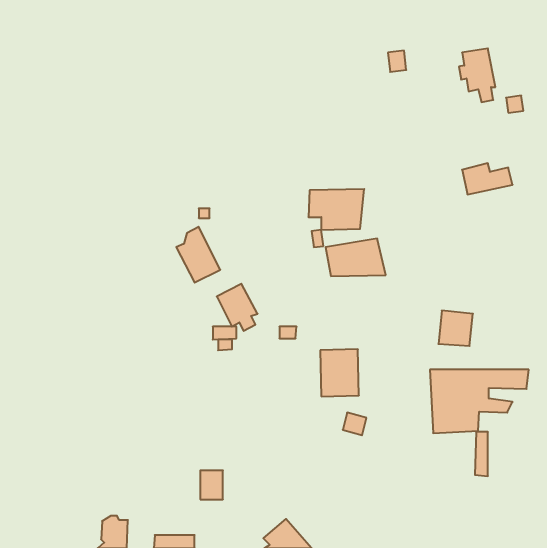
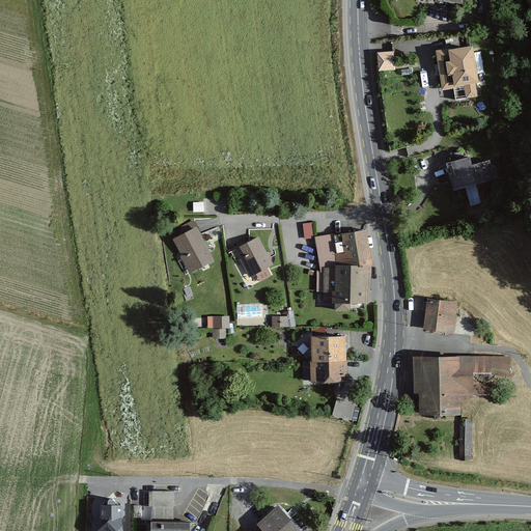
building: [308,189,364,230] -> [318,266,372,305]
building: [217,284,258,331] -> [232,235,272,281]
building: [200,470,223,499] -> [150,488,172,516]

